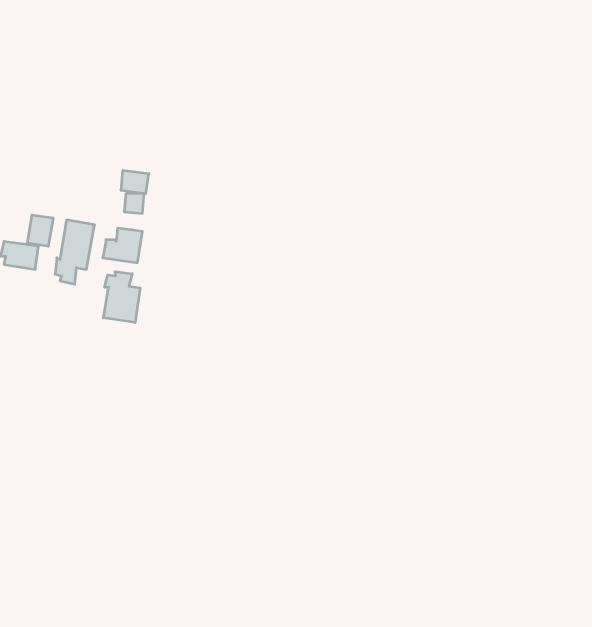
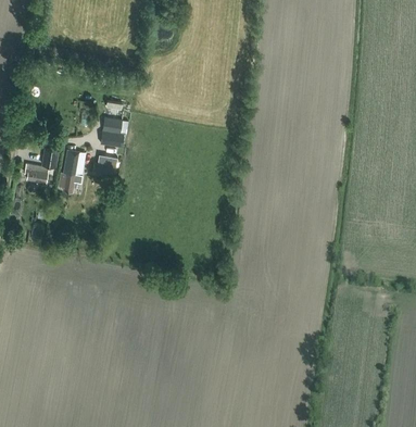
building: [103,272,140,323] -> none

